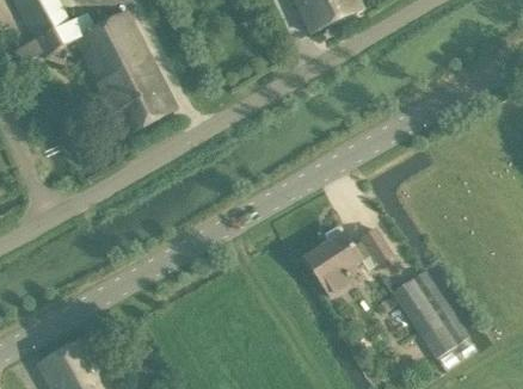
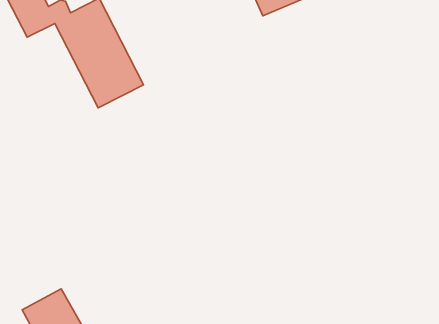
building: [304,229,392,296] -> none
building: [398,272,473,365] -> none

